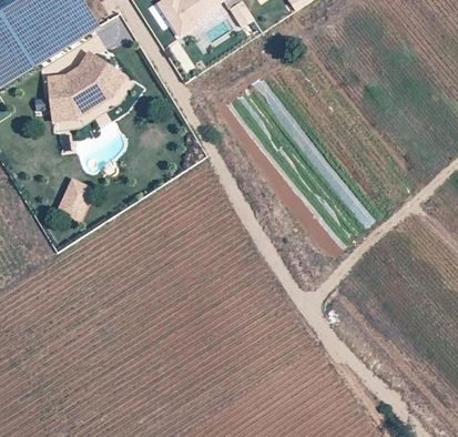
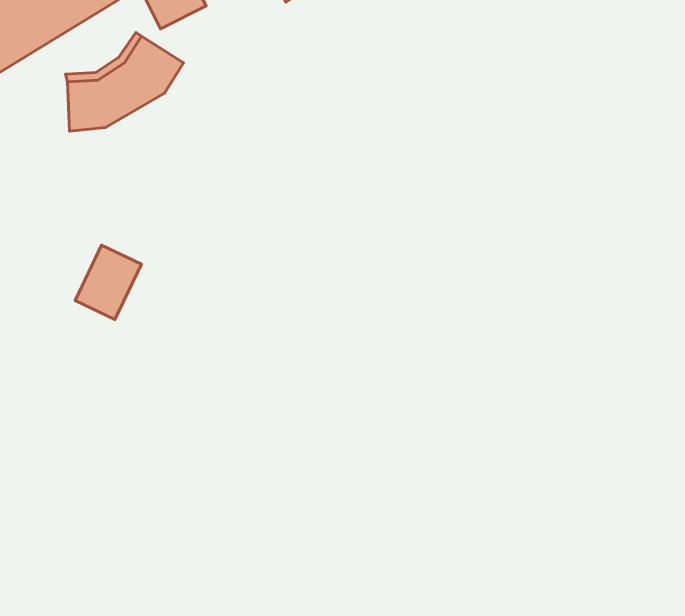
building: [53,71,129,122] -> none

